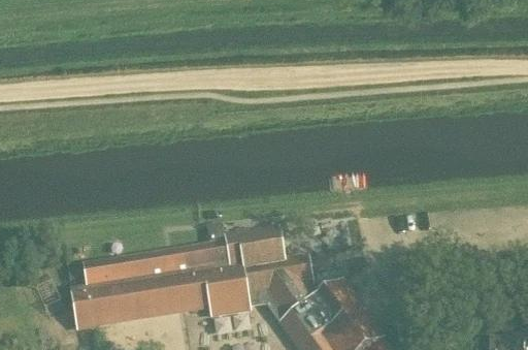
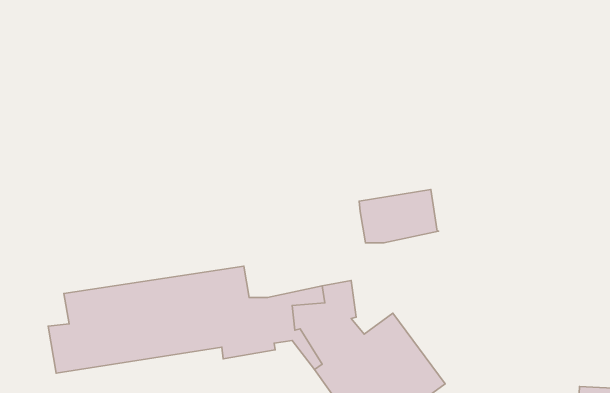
building: [224,226,287,268] -> [359,189,439,243]

